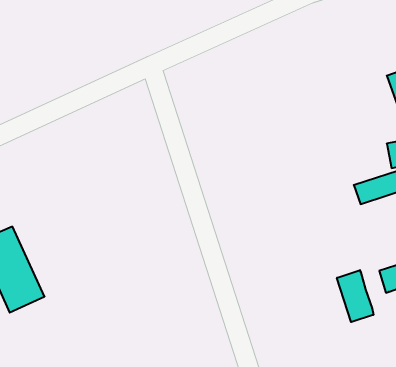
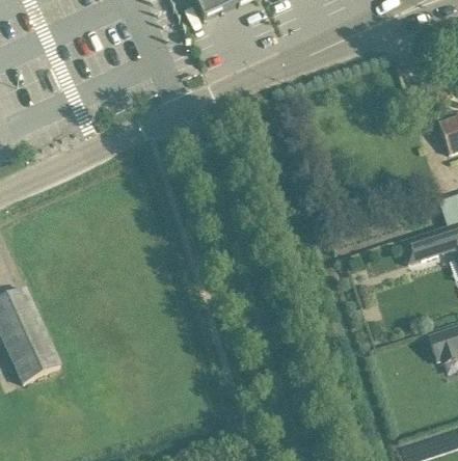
building: [337,270,373,322] -> none

